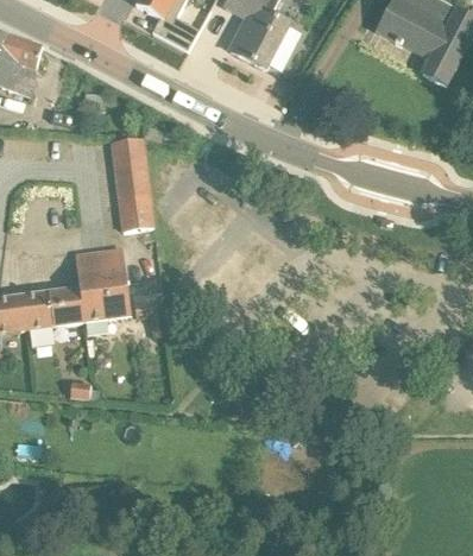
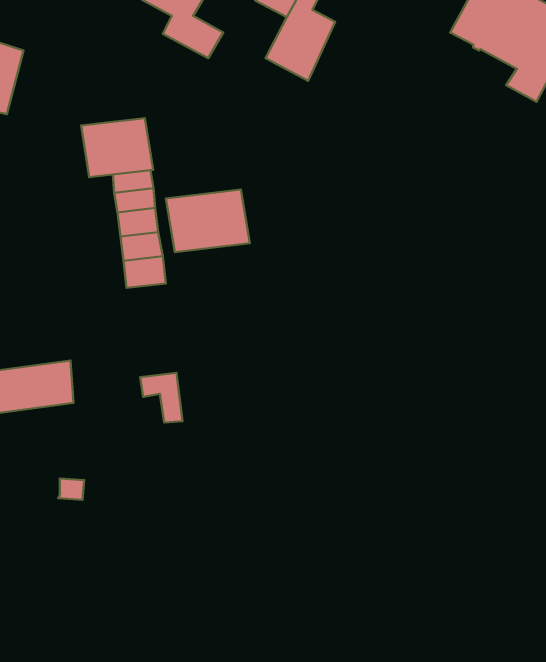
building: none -> [81,118,153,177]
building: none -> [166,190,250,252]
building: [74,247,130,320] -> none

